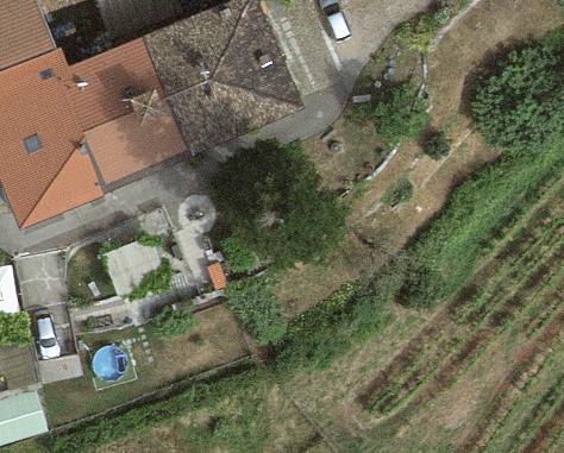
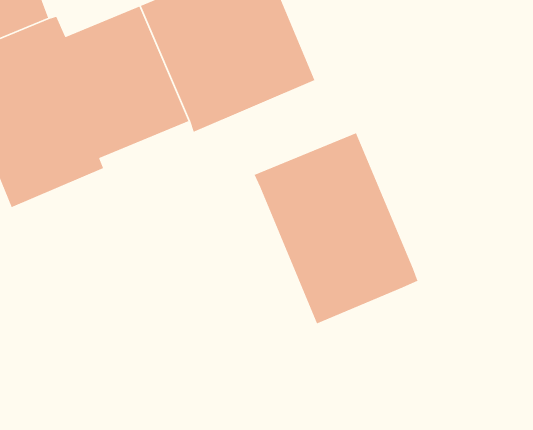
building: none -> [253,132,419,324]

